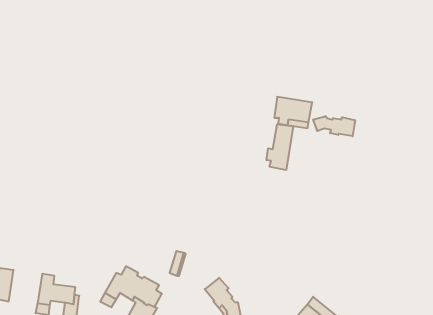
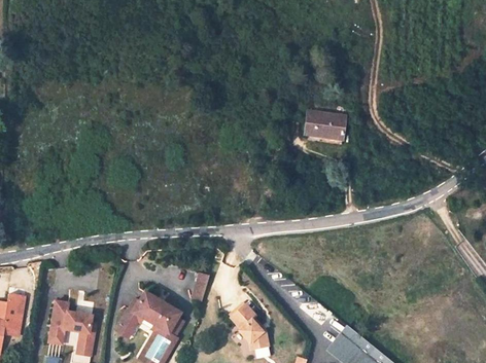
building: [313,116,355,136] -> none
building: [267,124,293,170] -> none

